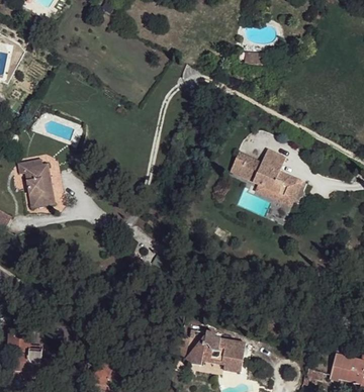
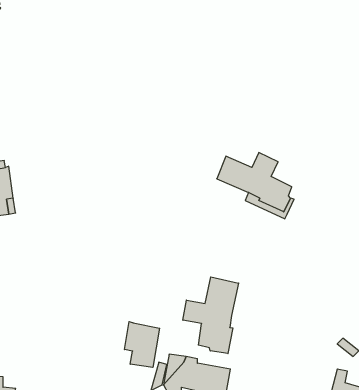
building: none -> [183,277,239,354]
building: none -> [125,322,160,367]

